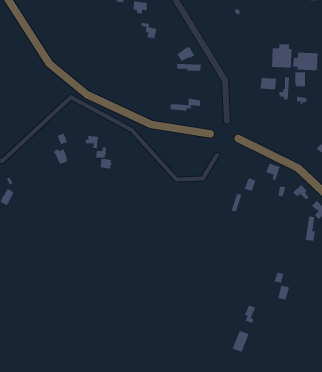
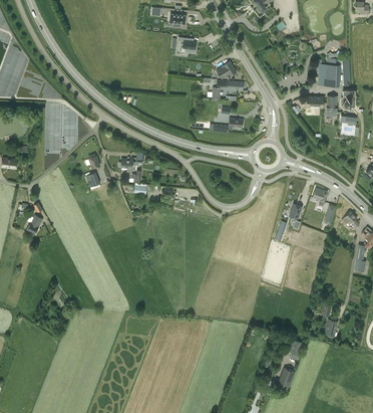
building: [292,52,318,71] -> none

